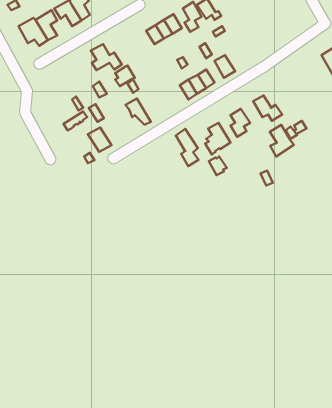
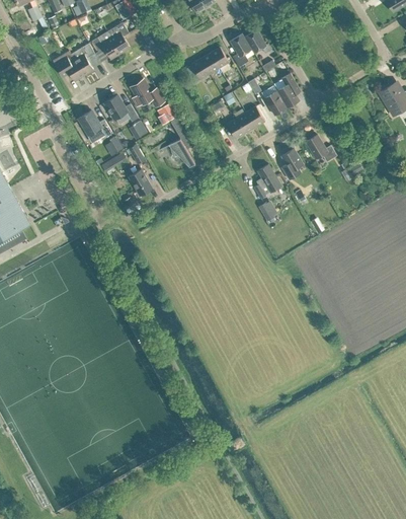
building: none -> [277,73,300,107]
building: none -> [104,94,139,125]
building: none -> [77,109,112,143]
building: [270,125,294,156] -> none
building: [176,129,198,166] -> none

